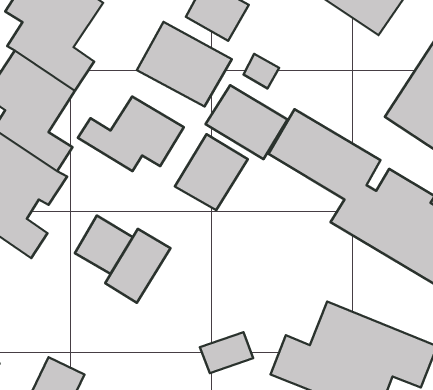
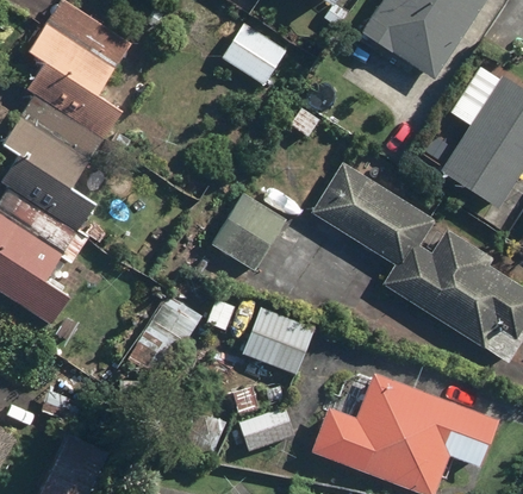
building: [137,22,232,107] -> none
building: [205,85,288,159] -> none
building: [78,96,184,171] -> none
building: [75,216,133,274] -> none
building: none -> [239,302,317,379]

